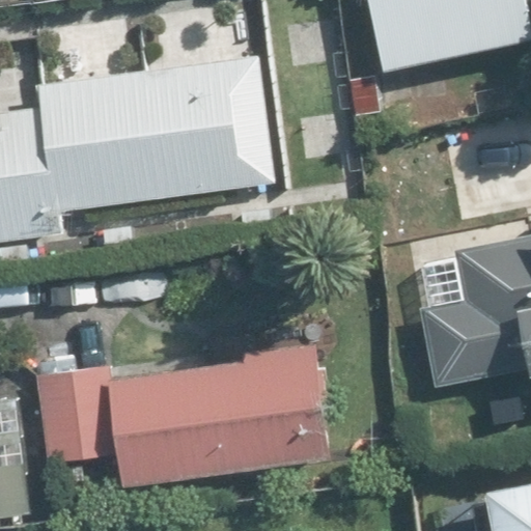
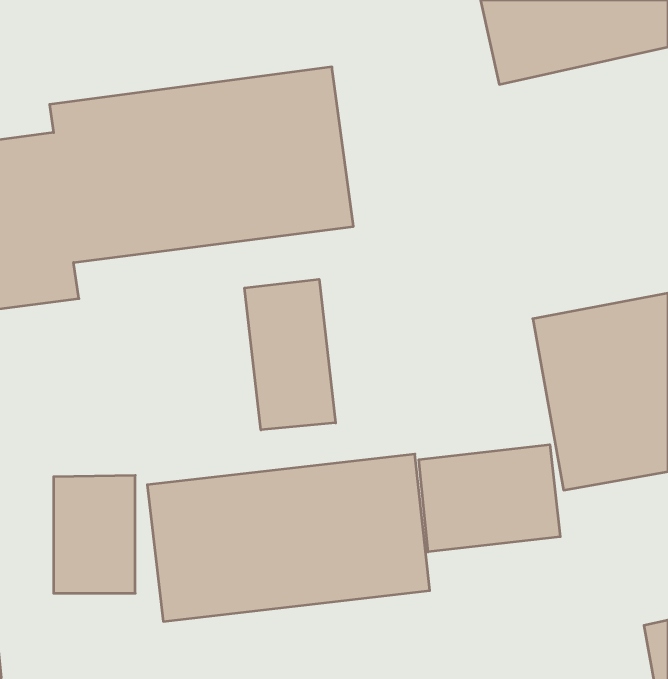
building: none -> [245,279,336,430]
building: none -> [419,445,560,552]

